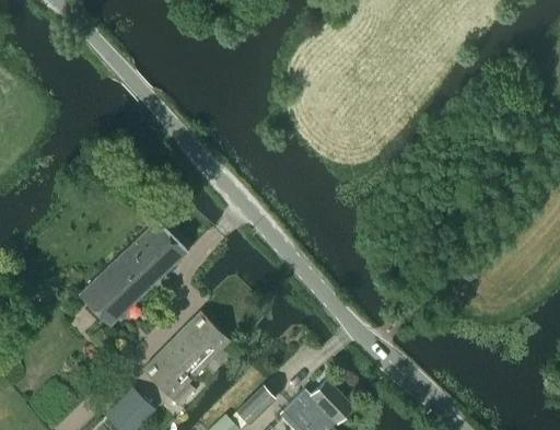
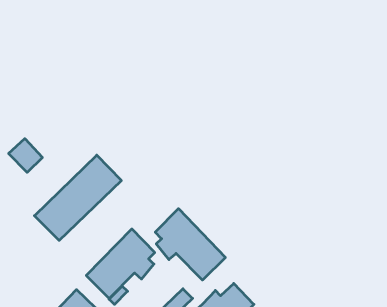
building: none -> [9,139,42,172]
building: none -> [155,209,225,280]

